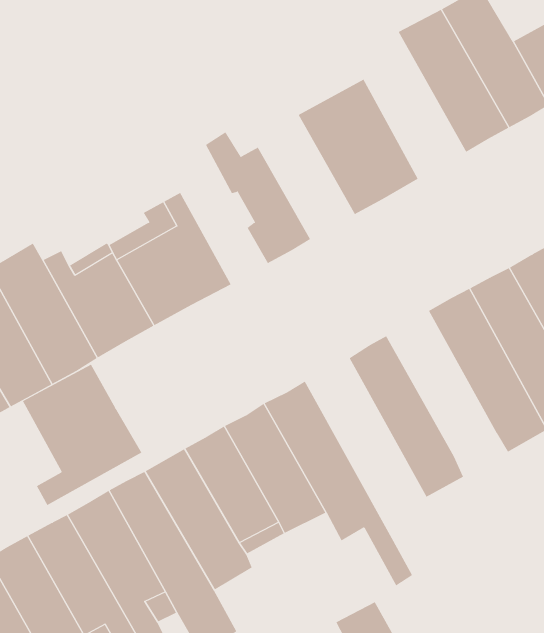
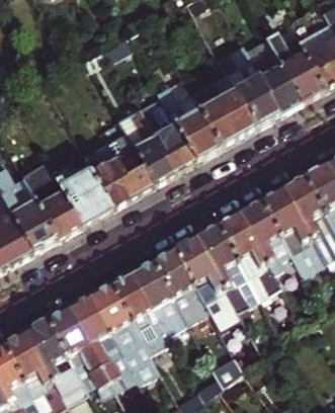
building: none -> [225,45,279,129]
building: none -> [158,79,220,161]
building: none -> [127,110,173,185]
building: none -> [237,199,296,277]
building: none -> [193,225,258,323]
building: [22,364,142,506] -> none

